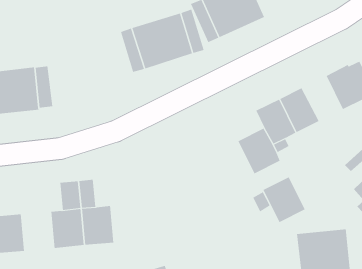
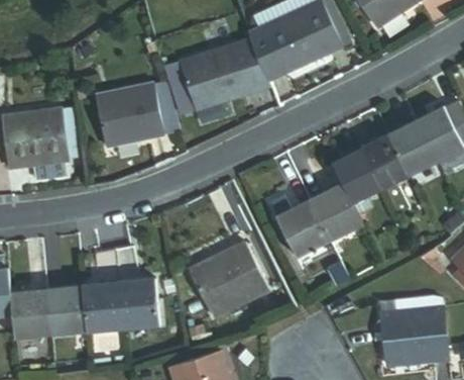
building: none -> [98,84,164,146]
building: none -> [388,119,438,175]
building: none -> [190,242,268,316]
building: [263,177,306,223] -> [277,199,330,256]
building: none -> [46,285,86,334]

